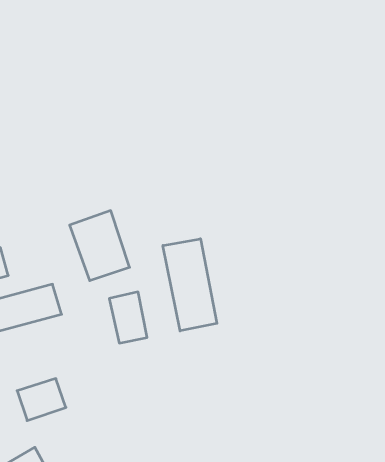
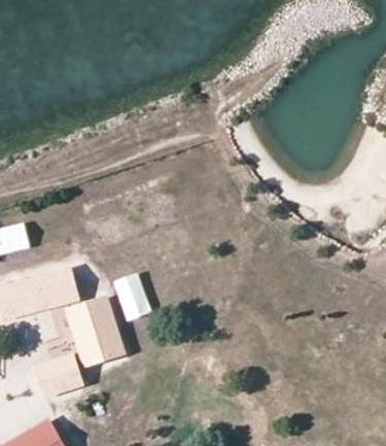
building: [70,211,130,281] -> [64,297,119,362]
building: [163,239,217,331] -> none

